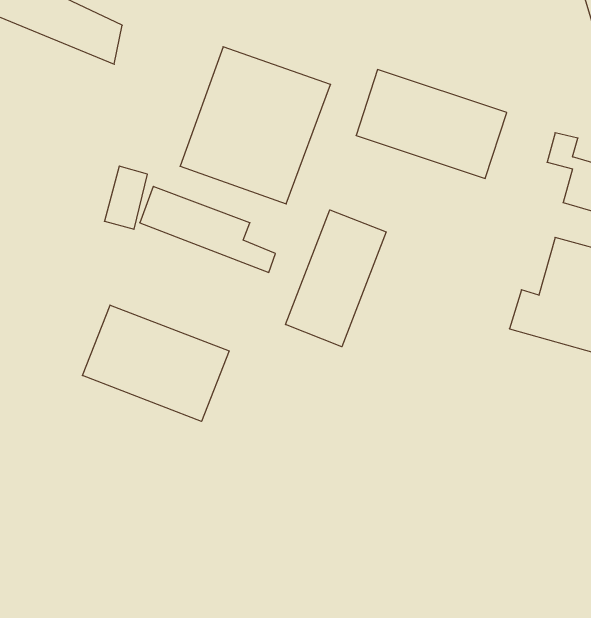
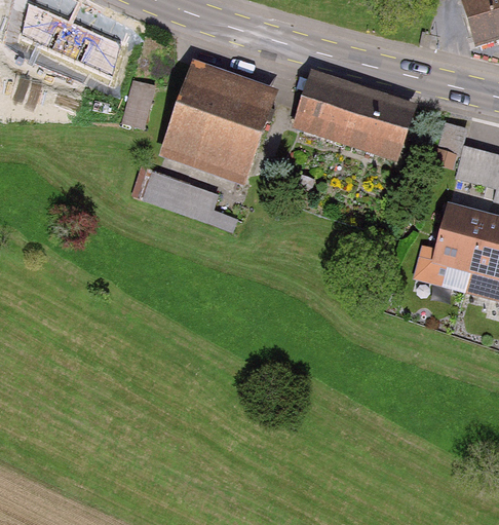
building: [104,166,147,229] -> [120,79,153,127]
building: [286,210,386,347] -> none
building: [82,305,229,421] -> none

